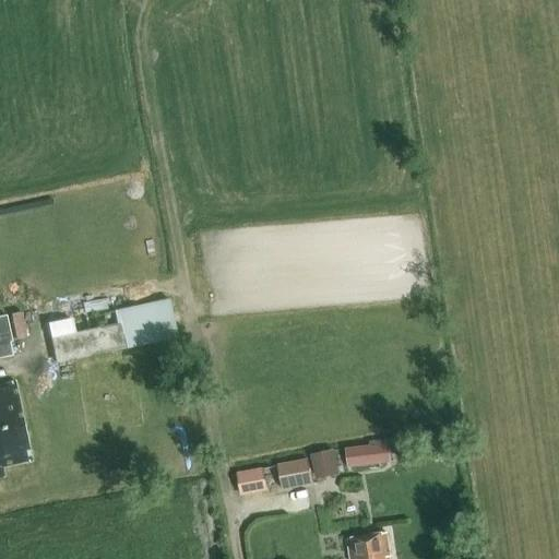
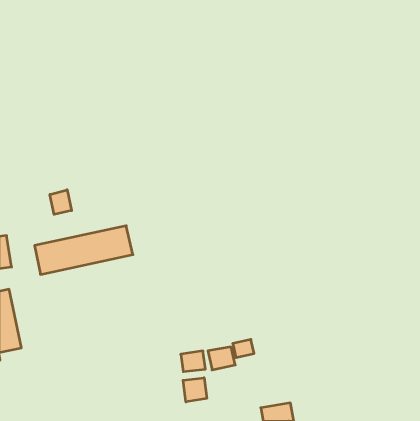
building: none -> [50,190,72,214]
building: [343,440,390,468] -> none
building: none -> [183,378,207,402]

